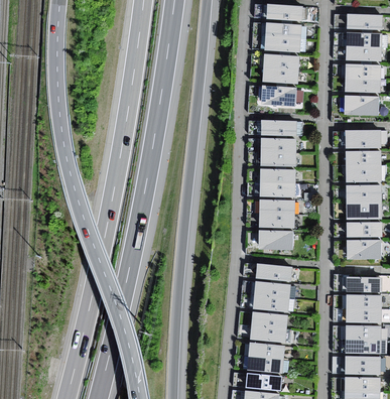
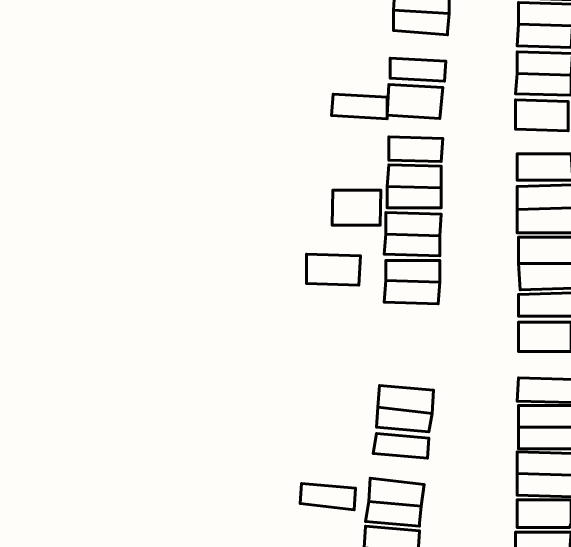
building: [262,53,298,70] -> [332,94,387,119]
building: none -> [332,190,381,225]
building: [257,230,292,250] -> [306,254,361,285]
building: [255,263,291,281] -> none
building: [250,325,286,343] -> [300,484,356,510]

